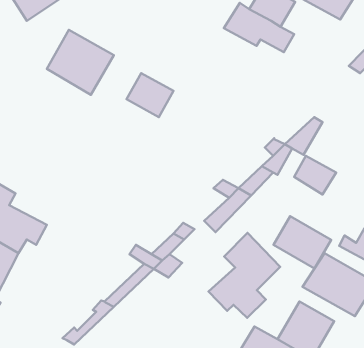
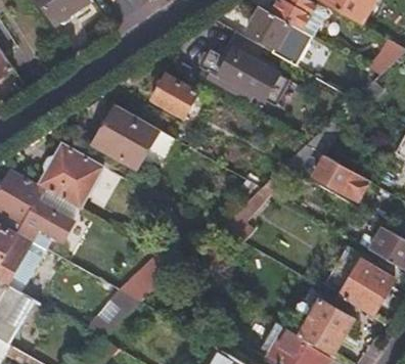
building: none -> [198,32,288,106]
building: [47,30,114,95] -> [92,105,158,169]
building: none -> [38,143,101,209]
building: [273,216,331,268] -> none
building: [209,233,280,318] -> none

